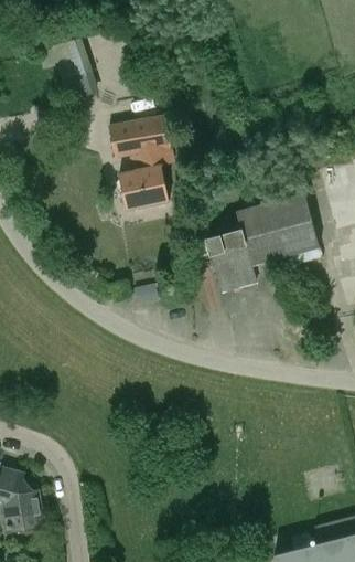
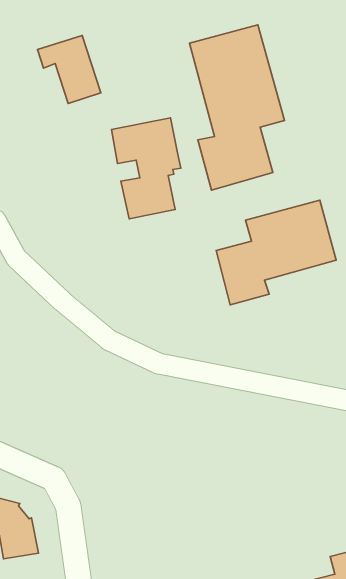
building: none -> [189,25,284,190]

